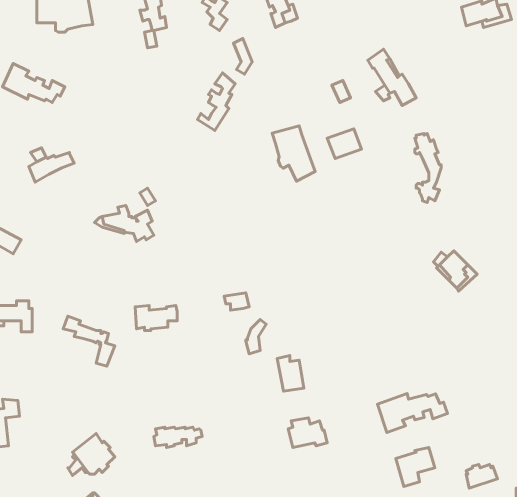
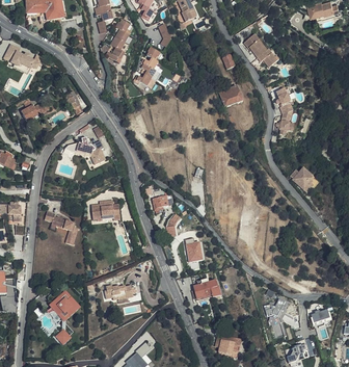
building: none -> [104,20,129,61]
building: [272,126,315,181] -> none
building: [378,394,448,433] -> none

